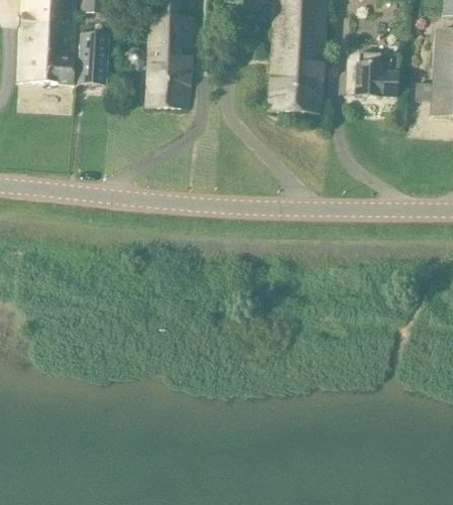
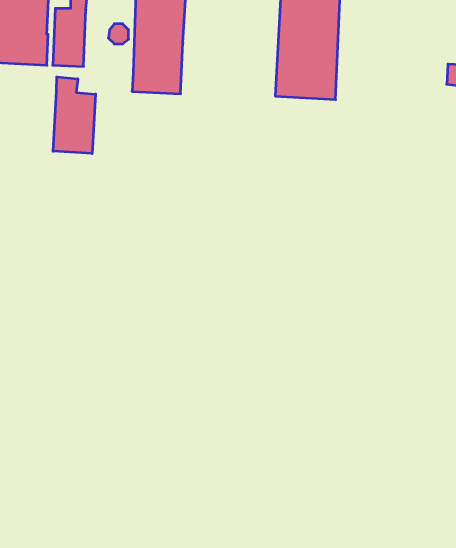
building: [354,49,399,95] -> none
building: none -> [53,77,96,154]

